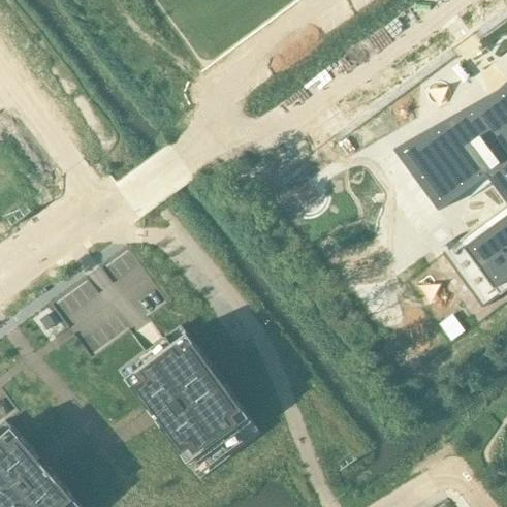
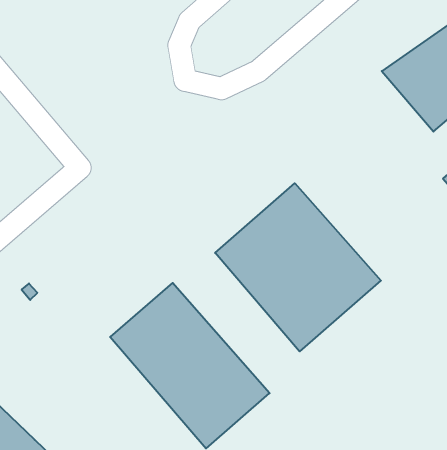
building: none -> [215,183,381,351]

